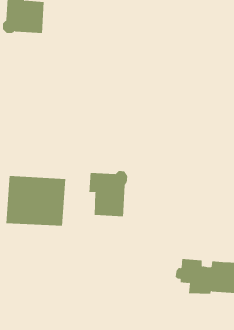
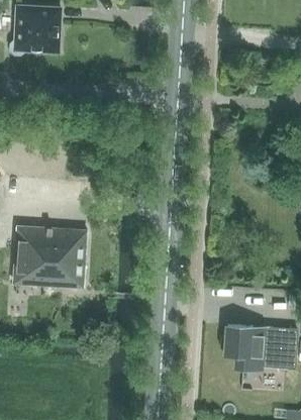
building: [89,170,128,217] -> none

